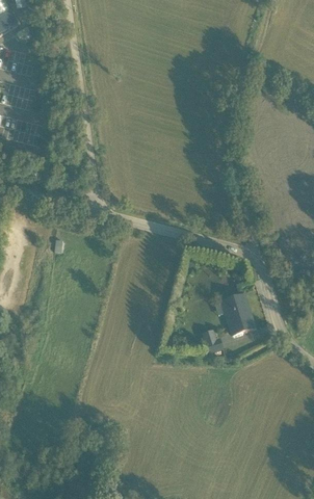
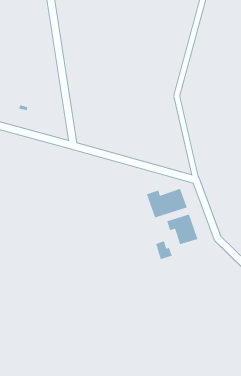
building: none -> [146,188,188,218]

